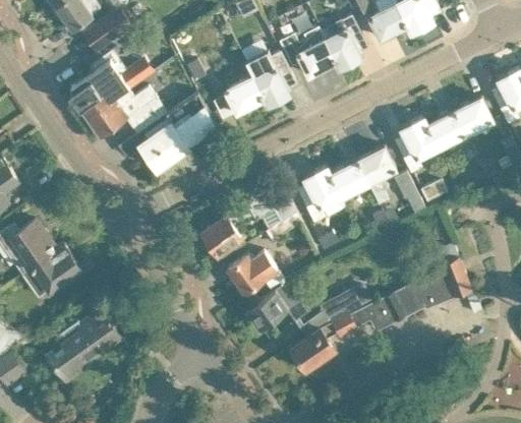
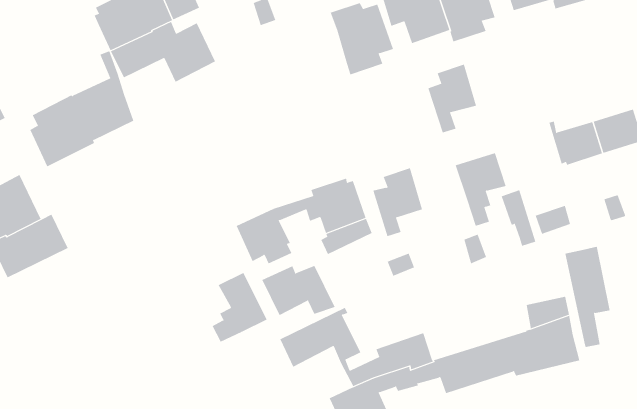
building: [226,76,264,114] -> none
building: [139,77,216,171] -> [30,51,134,167]
building: [396,119,435,173] -> [427,64,477,133]
building: [324,162,368,198] -> none
building: none -> [212,272,267,343]
building: [49,312,120,381] -> none

